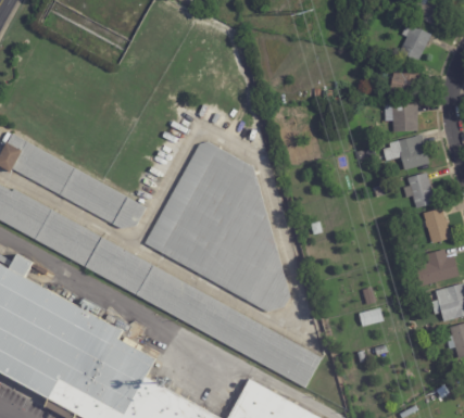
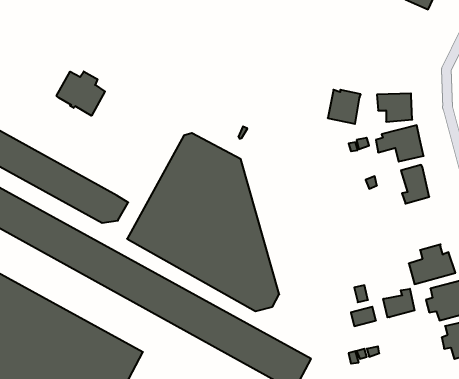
building: [400,25,431,61] -> none
building: [390,65,422,98] -> [328,90,361,124]
building: none -> [57,71,105,116]
building: [423,207,451,243] -> none
building: none -> [383,289,415,317]

